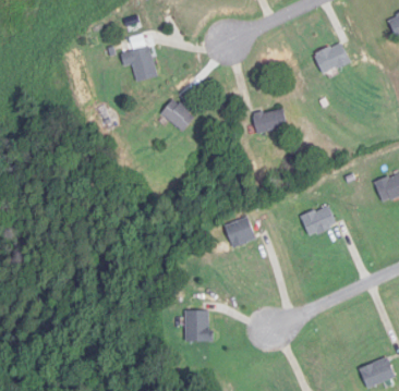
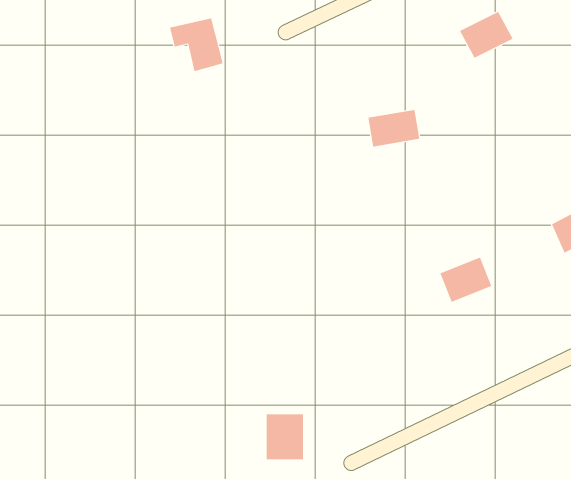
building: [161,98,195,131] -> none
building: [225,217,255,247] -> none

